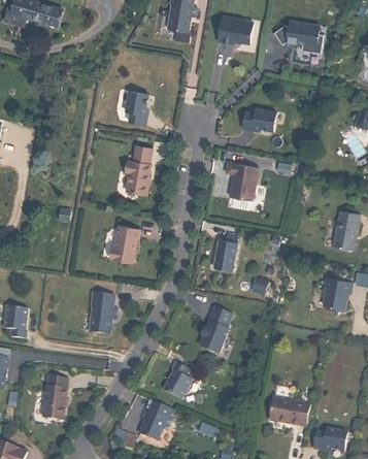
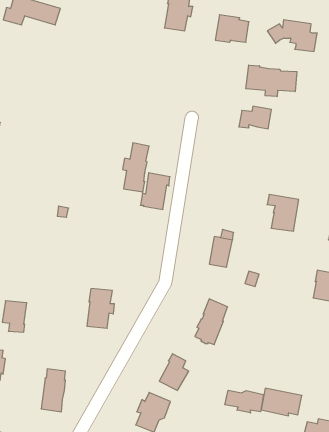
building: none -> [246,65,297,97]
building: [127,94,149,127] -> none
building: [227,163,259,200] -> [267,194,299,231]
building: [109,226,139,263] -> [140,173,170,209]
building: none -> [225,390,263,413]

